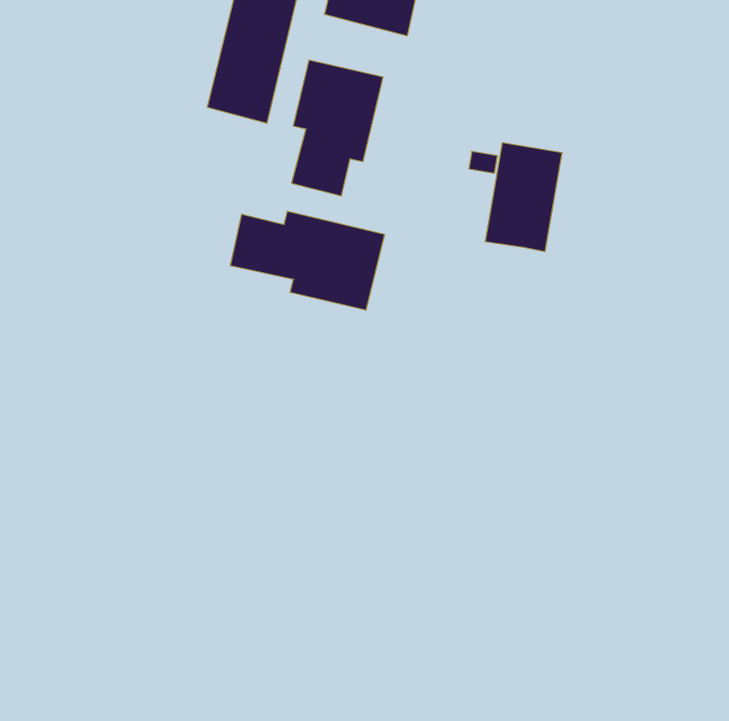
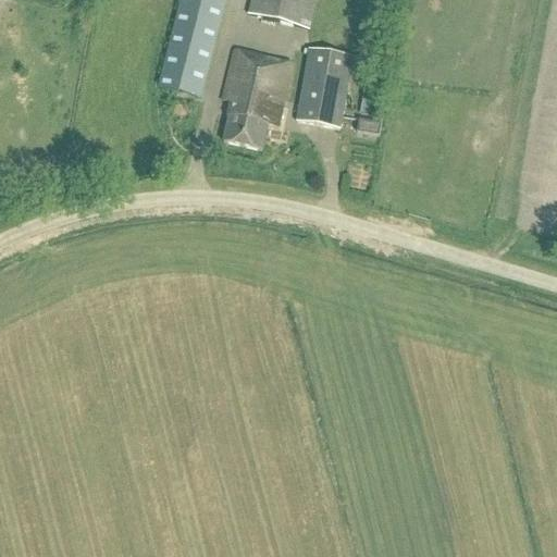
building: [485,143,562,251] -> [295,45,354,127]
building: [231,211,384,310] -> none

